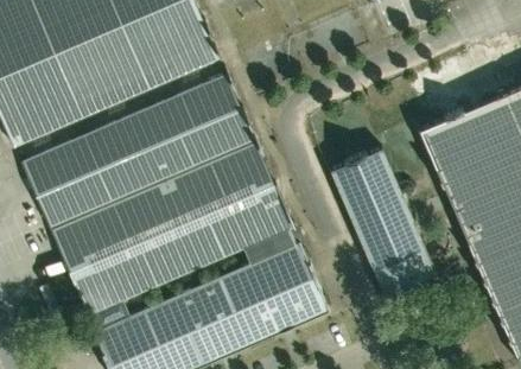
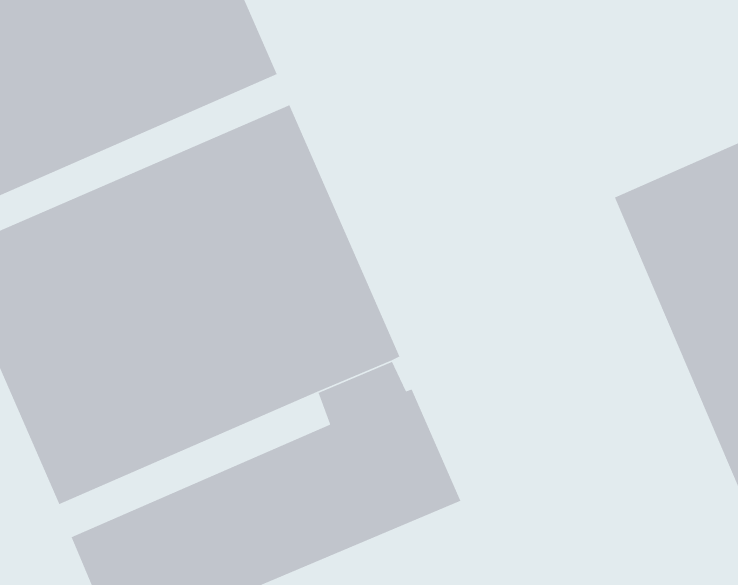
building: [329,147,436,294] -> none

